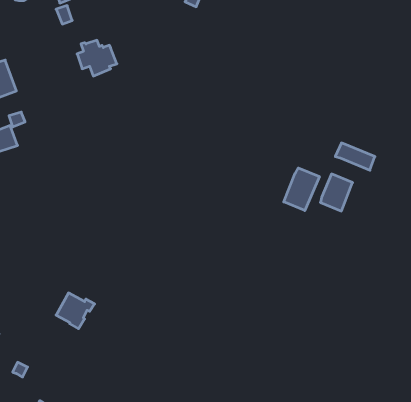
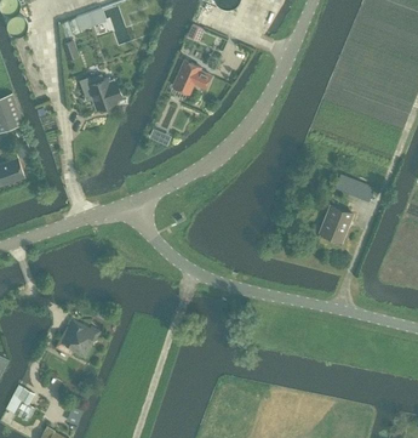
building: none -> [172,61,210,93]
building: [284,168,319,211] -> none

